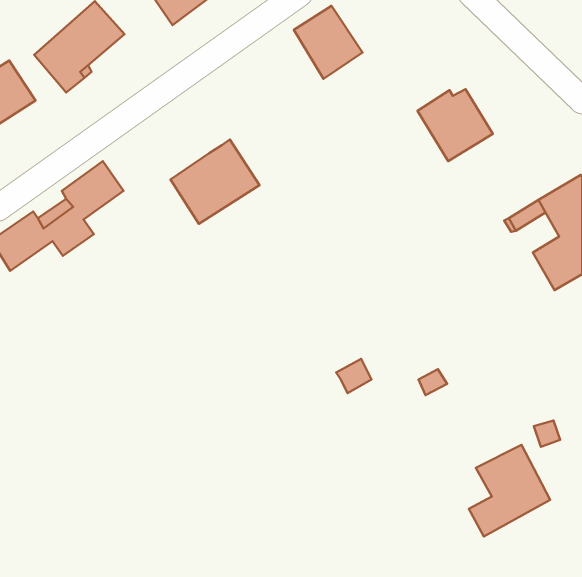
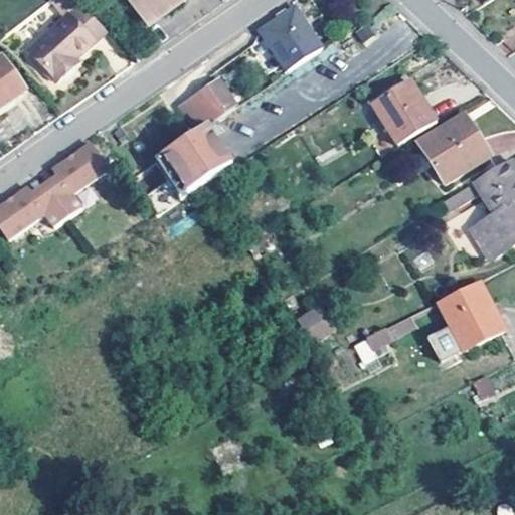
building: none -> [178,76,233,128]
building: none -> [414,112,487,182]
building: [469,445,550,536] -> [434,279,505,359]

